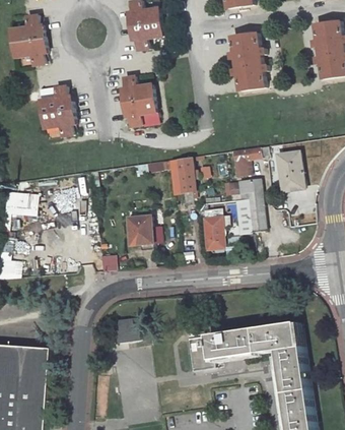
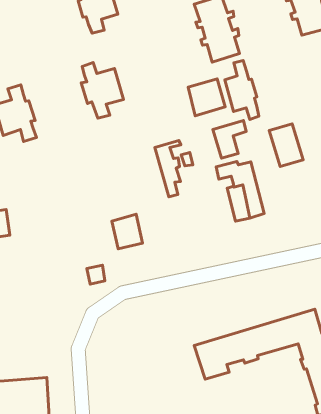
building: none -> [225,61,259,119]
building: none -> [188,79,225,116]
building: [202,208,223,249] -> none
building: [114,318,139,343] -> none

